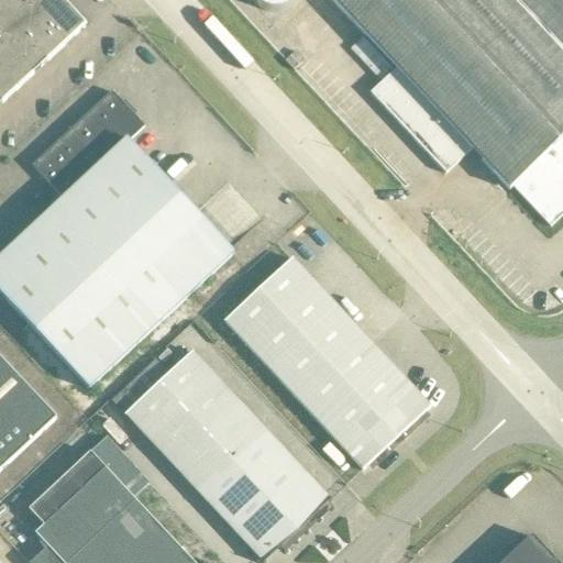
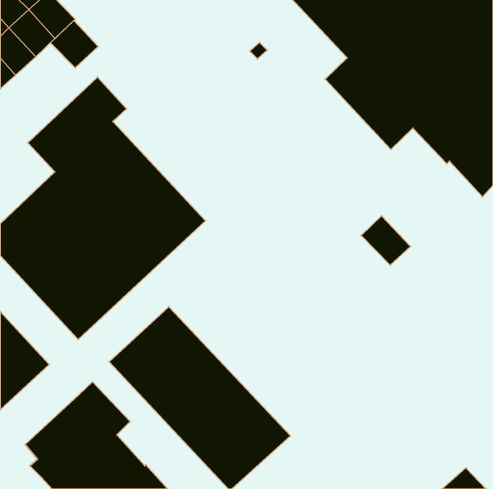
building: none -> [51,21,98,68]
building: none -> [361,216,410,265]
building: [224,256,430,467] -> none

